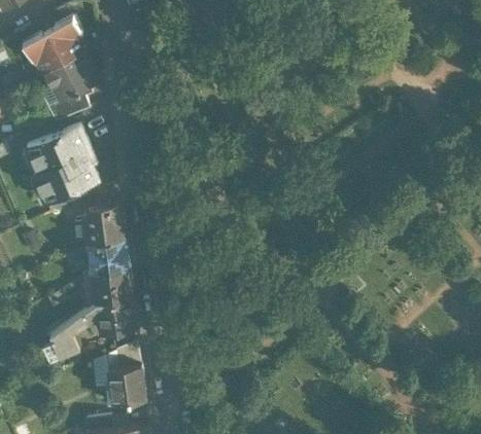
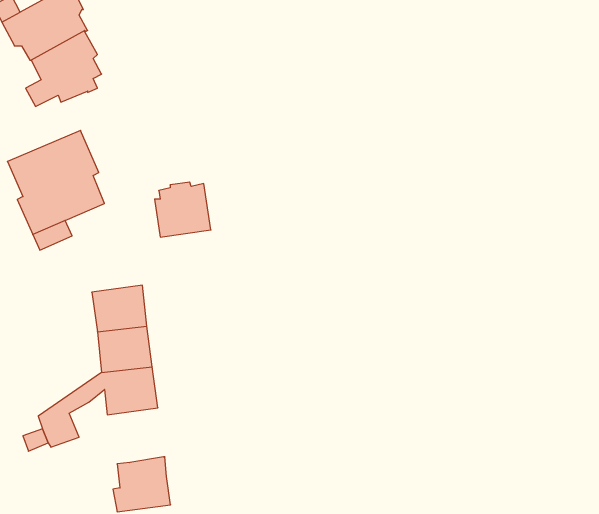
building: [45,97,89,122] -> none
building: [82,204,124,244] -> [155,182,211,237]
building: [108,341,139,368] -> none

